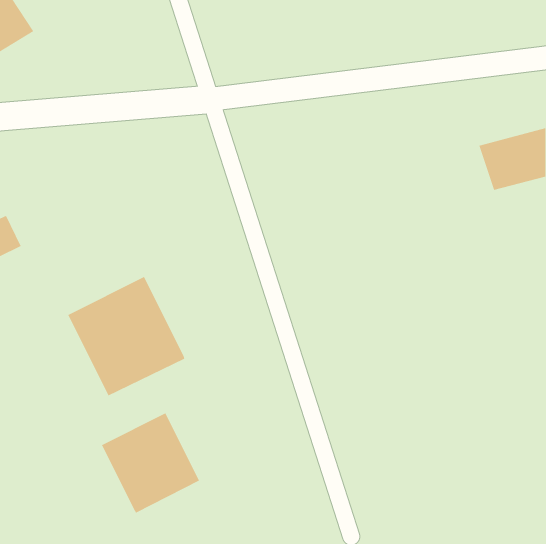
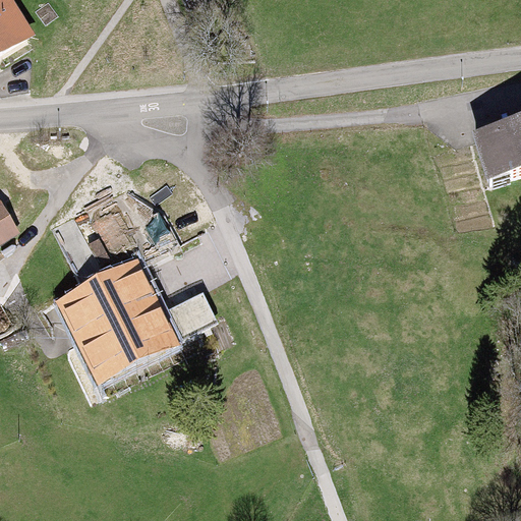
building: none -> [162,292,214,338]
building: [101,413,200,513] -> none

